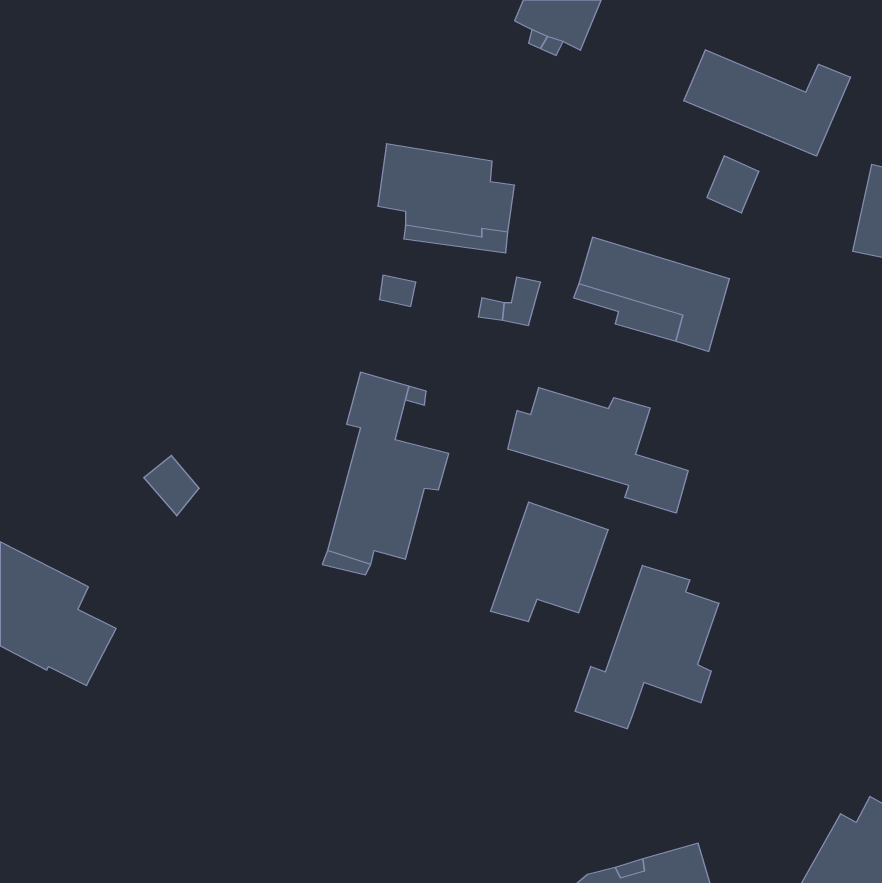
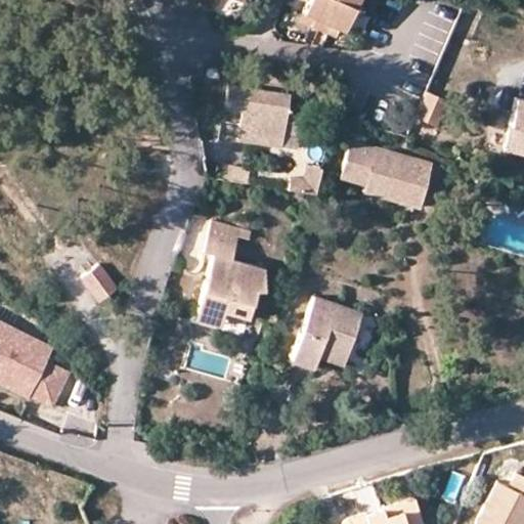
building: [684,50,851,156] -> none
building: [508,387,688,513] -> none
building: [575,565,719,729] -> none

